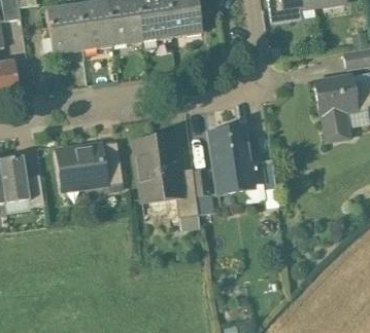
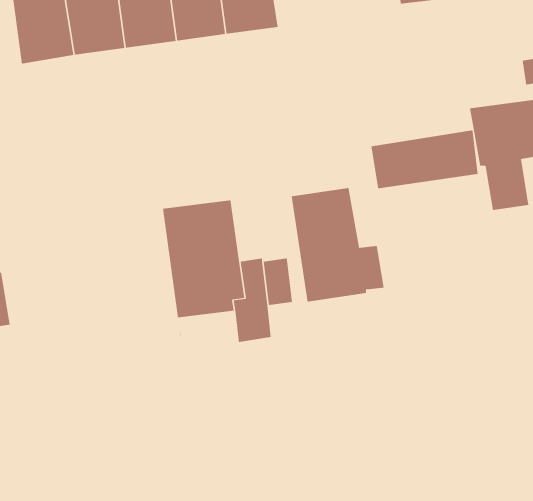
building: none -> [371,129,478,189]
building: [56,141,122,187] -> none

